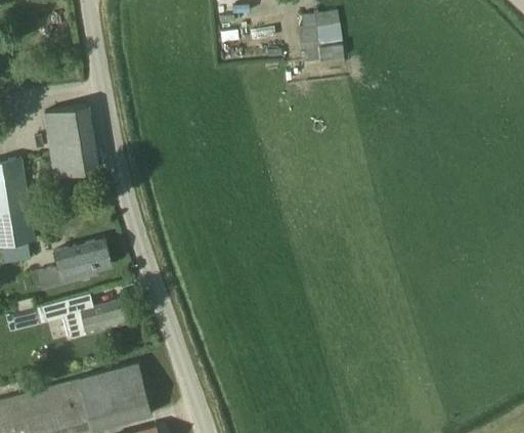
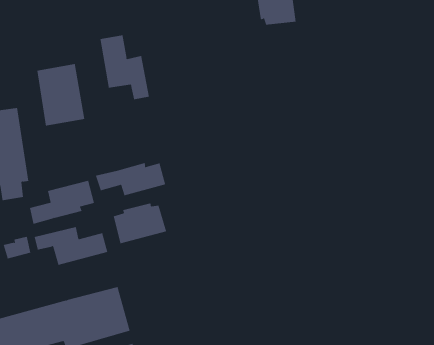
building: none -> [100,35,149,100]
building: none -> [95,162,166,196]
building: none -> [113,202,167,244]

